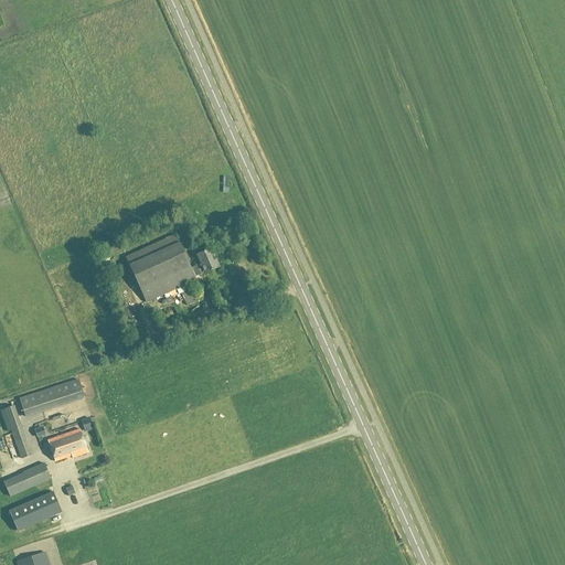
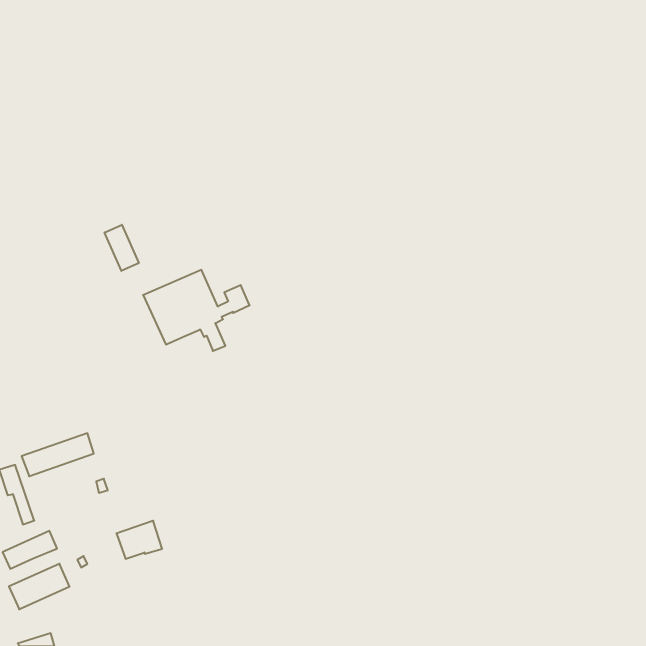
building: none -> [105,225,139,271]
building: [46,428,86,461] -> [116,521,162,559]

